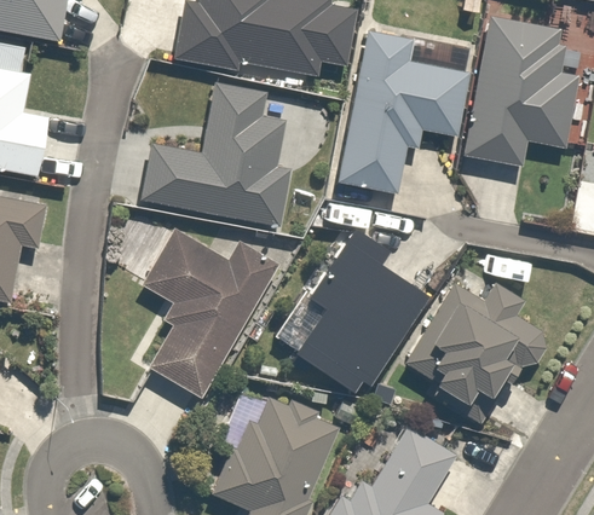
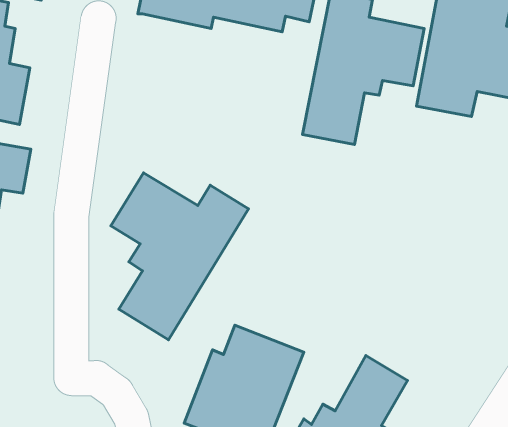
building: [135,80,290,227] -> none
building: [294,225,425,393] -> none
building: [398,282,550,423] -> none

